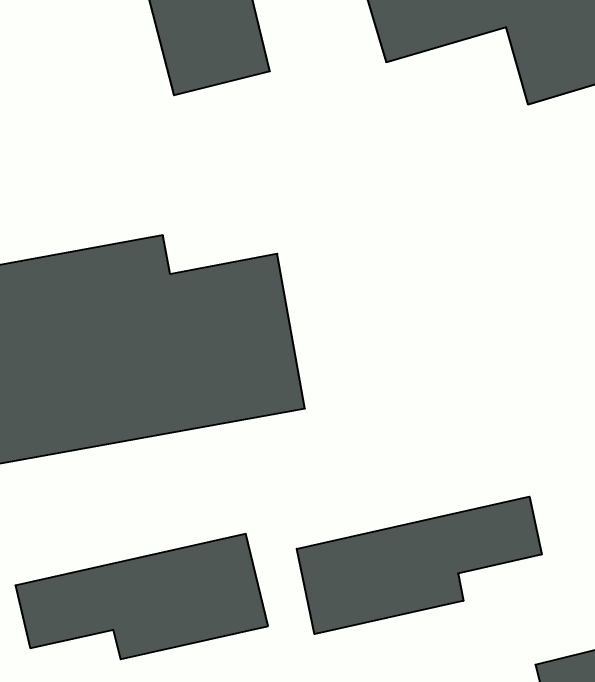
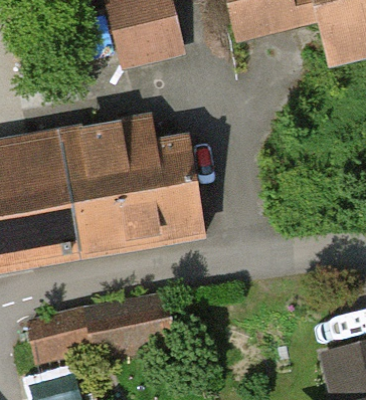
building: [297,497,542,634] -> none

